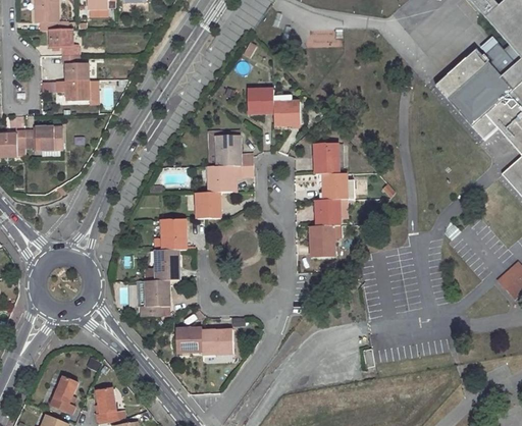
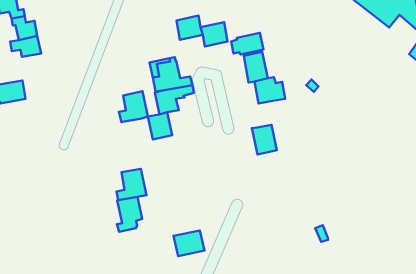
building: none -> [231,33,264,54]
building: [316,200,341,226] -> none
building: [154,219,186,250] -> [119,91,148,122]
building: [176,328,203,352] -> none

